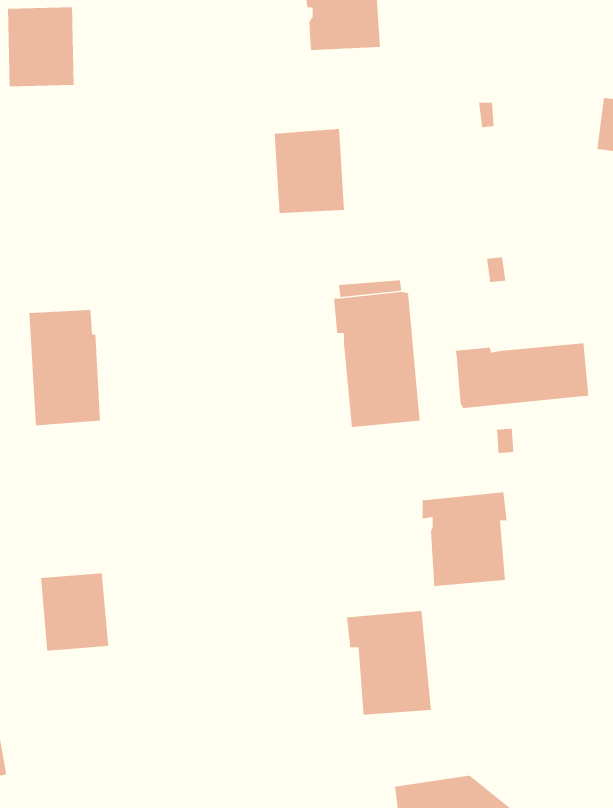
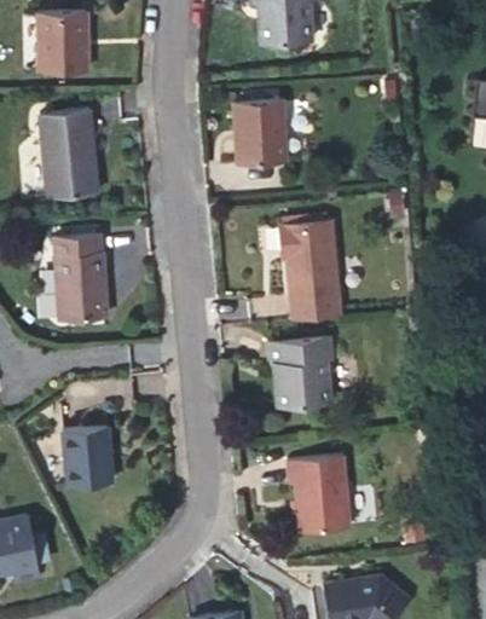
building: none -> [40,110,98,199]
building: [455,342,589,409] -> none
building: [422,492,507,587] -> [270,337,332,407]

